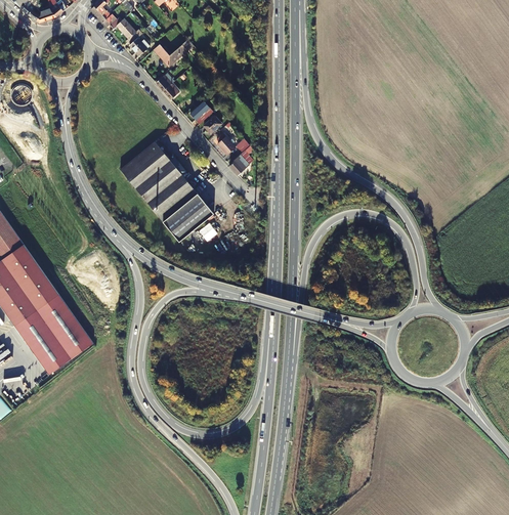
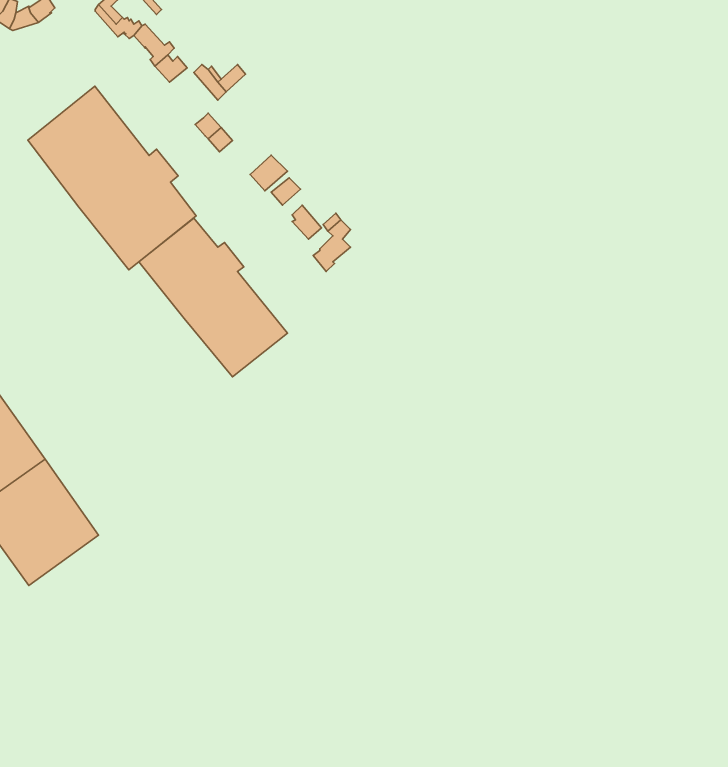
building: none -> [28,86,196,270]

